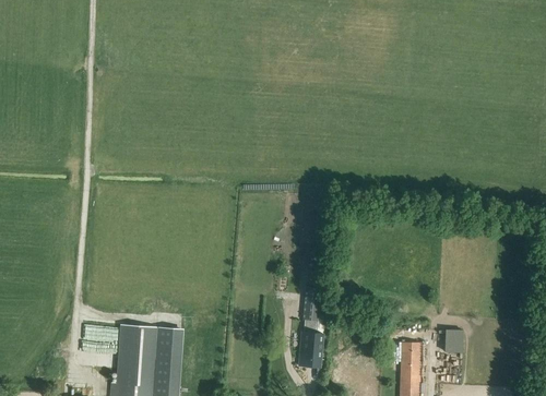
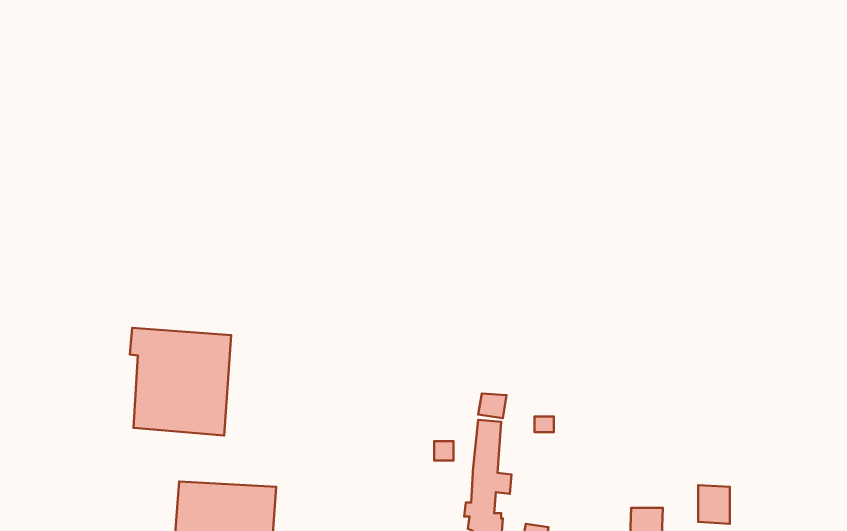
building: none -> [130,328,231,435]

